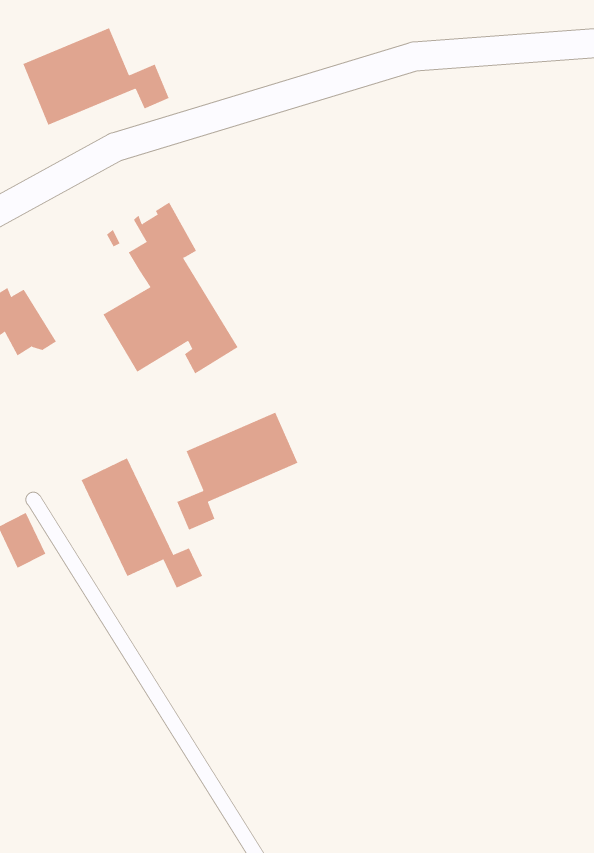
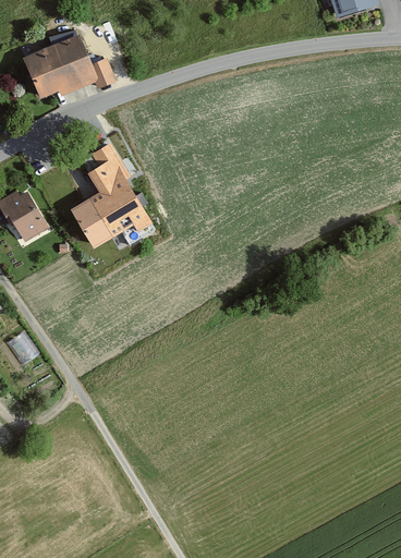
building: [176,412,298,530] -> none
building: [81,457,203,588] -> none

